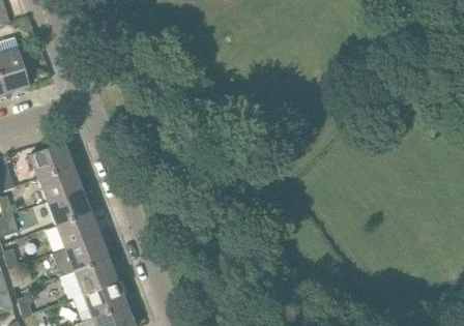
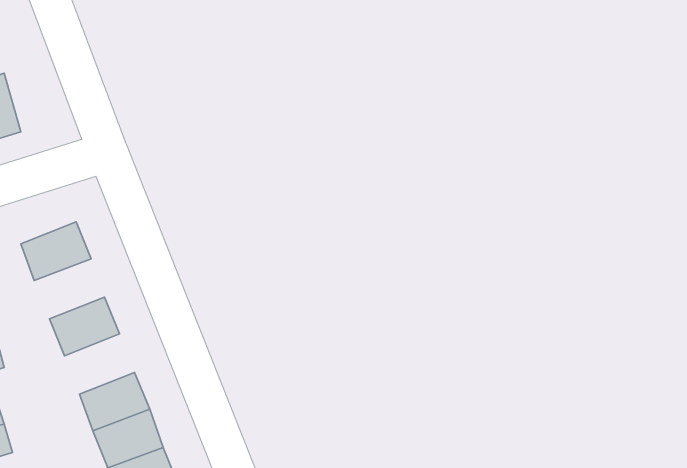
building: [37,164,81,201] -> none
building: [56,210,99,247] -> none

